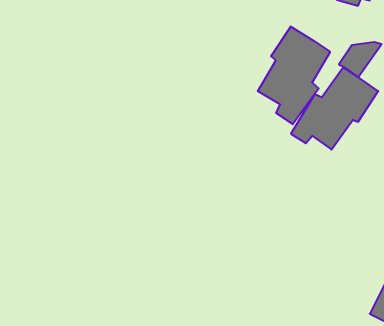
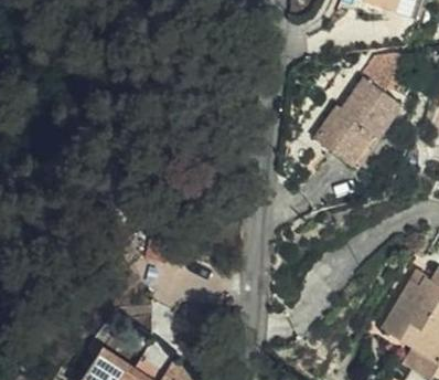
building: [258,26,330,124] -> none

